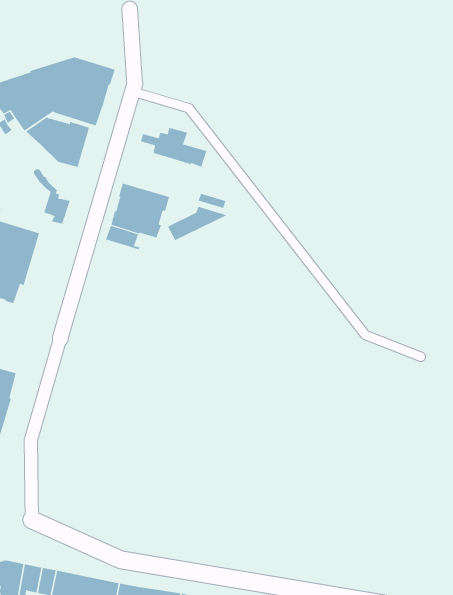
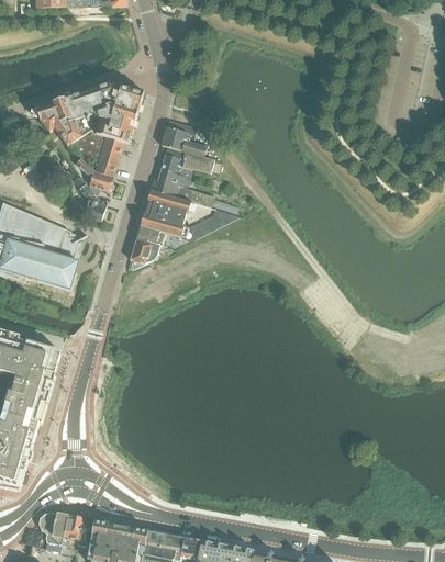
building: none -> [159,121,196,151]
building: none -> [148,155,211,207]
building: none -> [74,158,111,198]
building: none -> [126,238,163,269]

